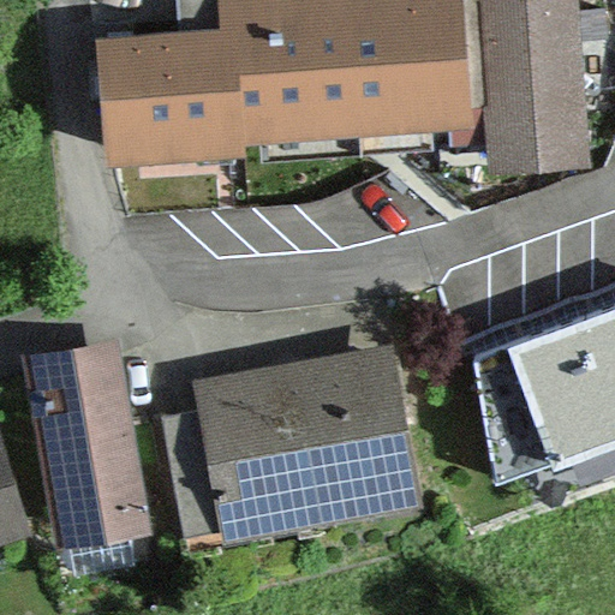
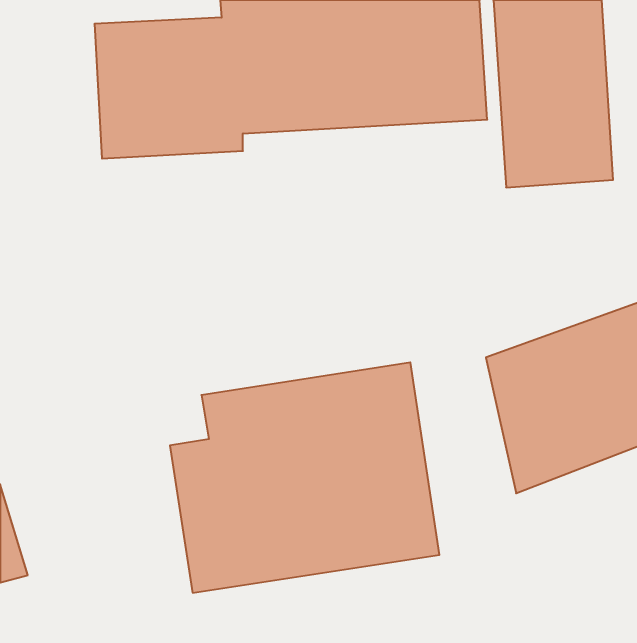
building: [26,351,155,571] -> none

